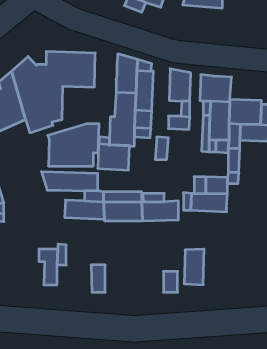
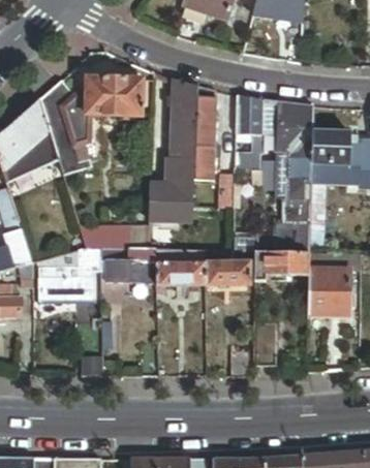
building: [48,124,99,166] -> [36,248,100,301]
building: none -> [307,270,350,312]

